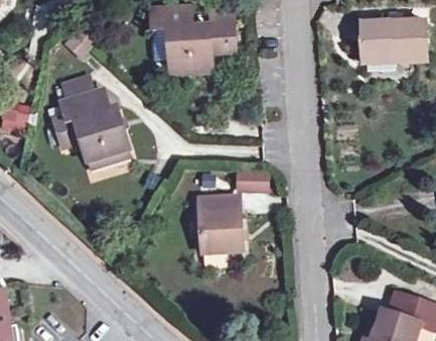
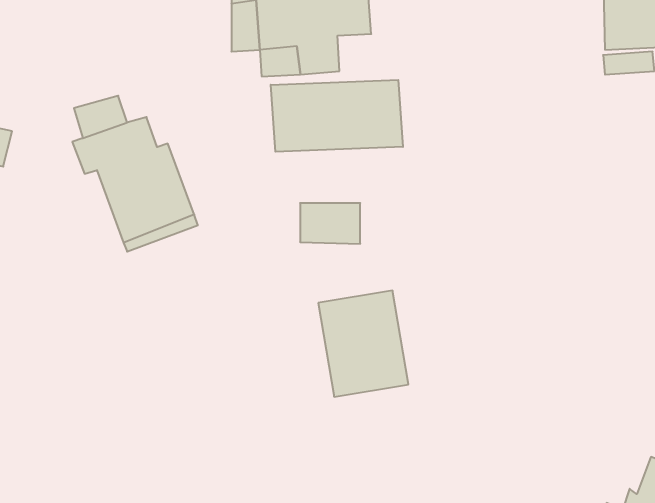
building: none -> [271,80,403,152]
building: [234,168,268,192] -> [300,203,360,244]

